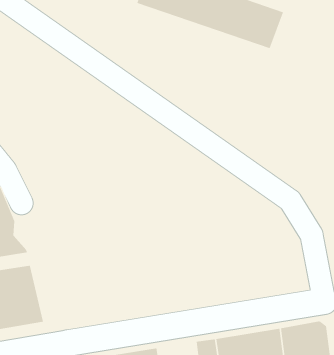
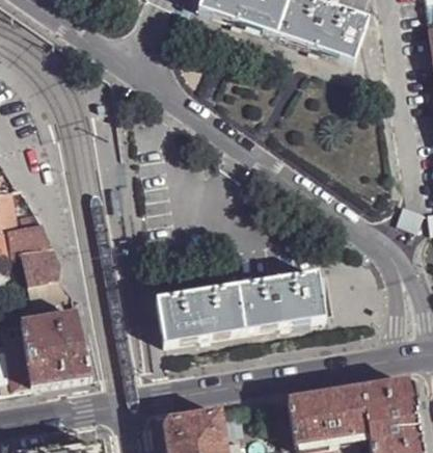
building: none -> [156,271,324,345]

